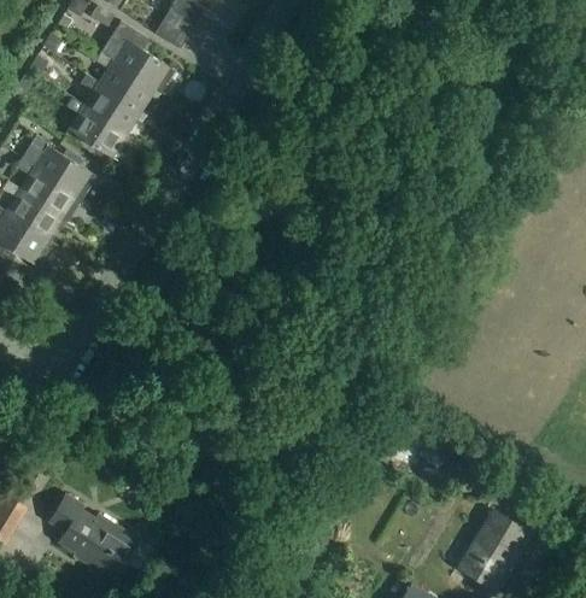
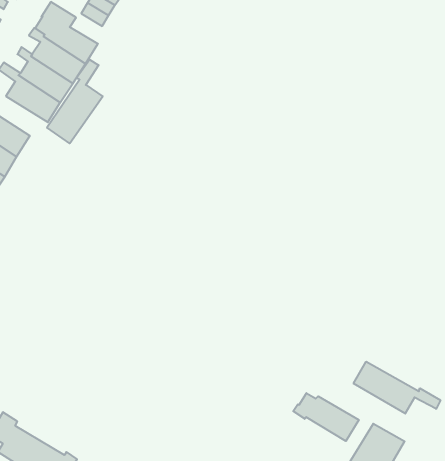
building: none -> [47,59,103,143]
building: none -> [354,362,440,414]
building: none -> [293,393,359,441]

